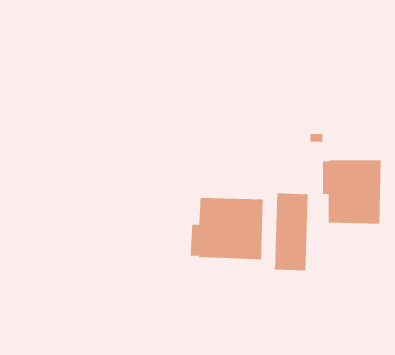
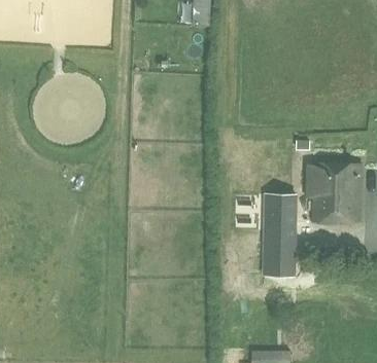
building: [190,197,264,260] -> none

